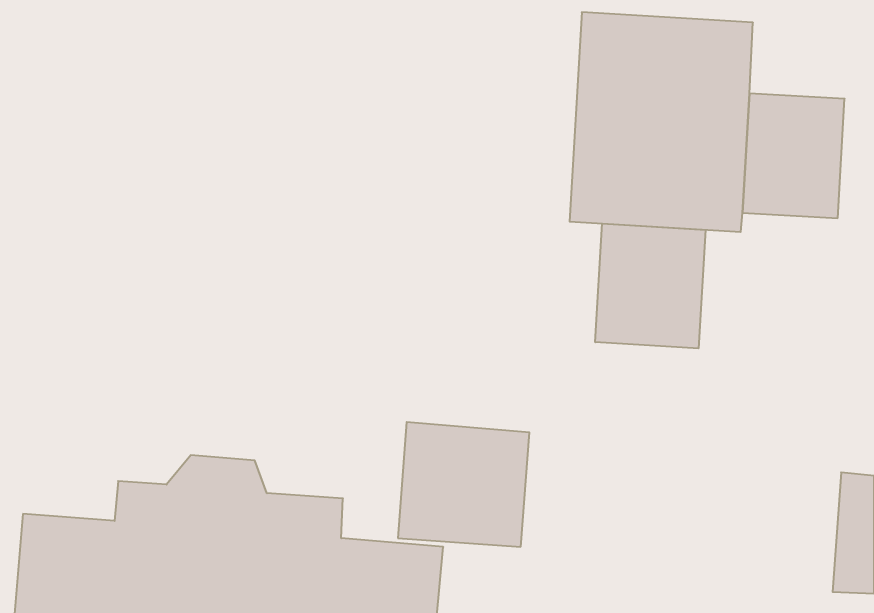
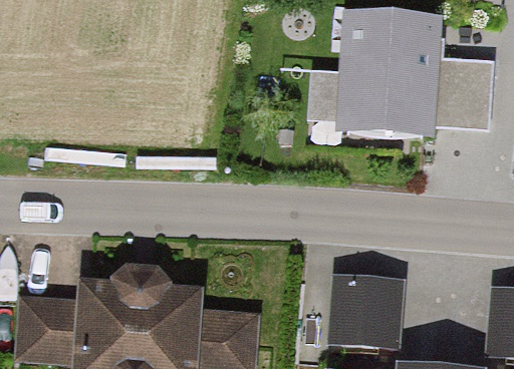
building: [595,224,705,348] -> none
building: [398,422,529,547] -> [328,267,405,339]

